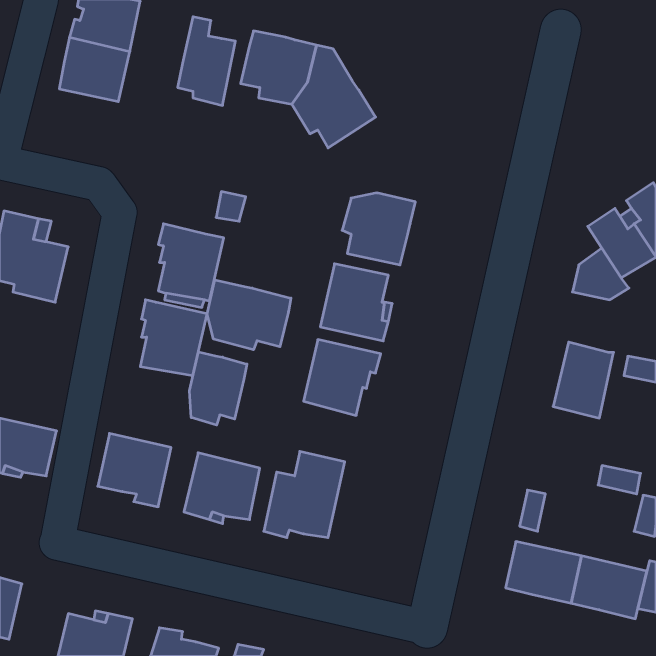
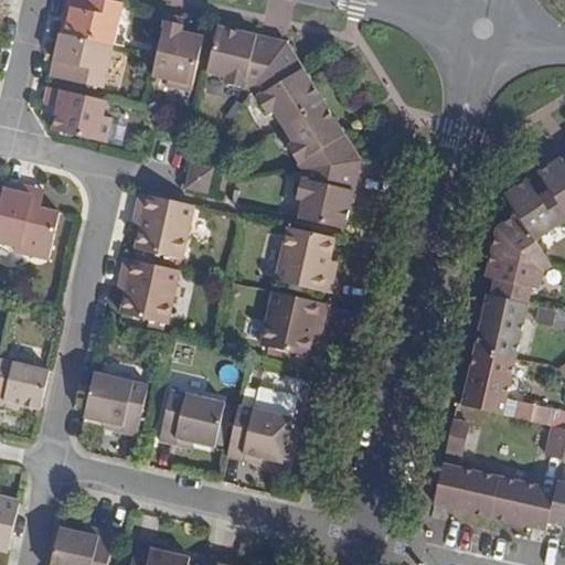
building: none -> [43,86,109,141]
building: none -> [281,100,360,173]
building: [207,280,291,350] -> none
building: none -> [486,247,552,302]
building: [189,352,247,425] -> none
building: none -> [462,349,514,414]

